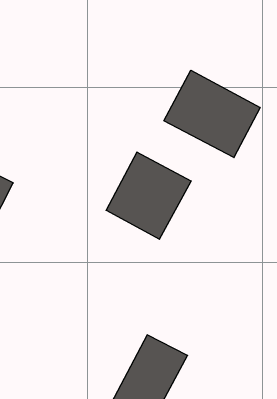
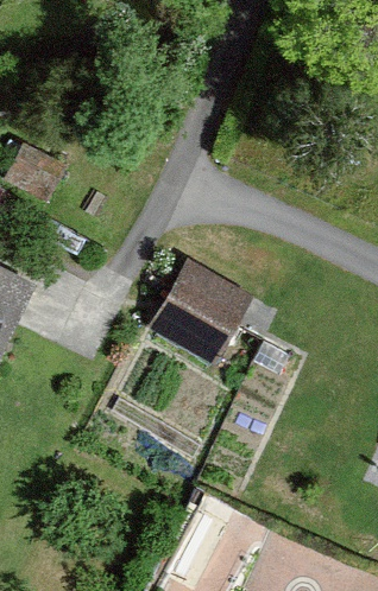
building: [164,70,260,158] -> none

